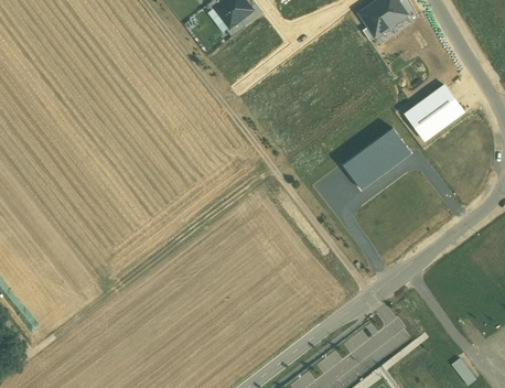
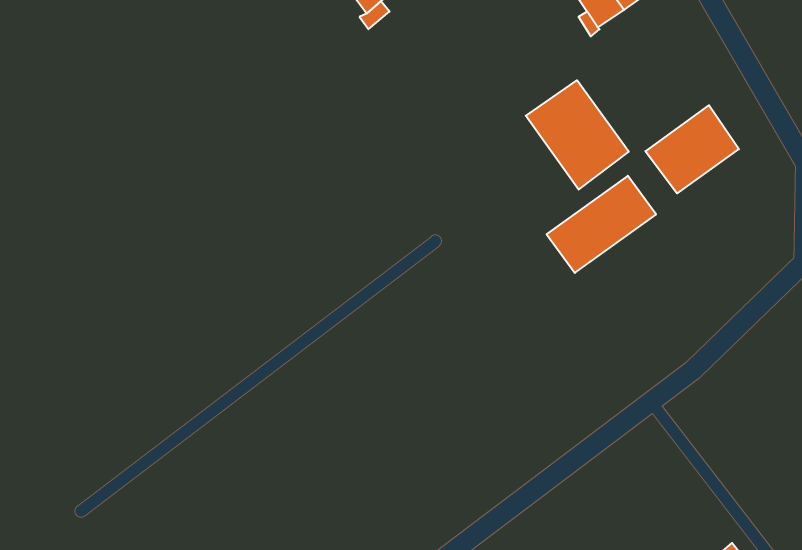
building: none -> [526,80,629,190]

